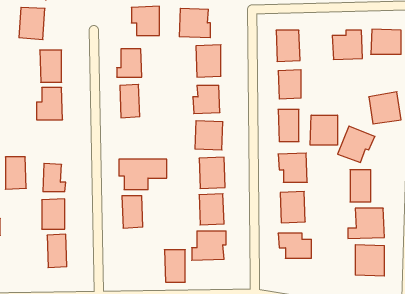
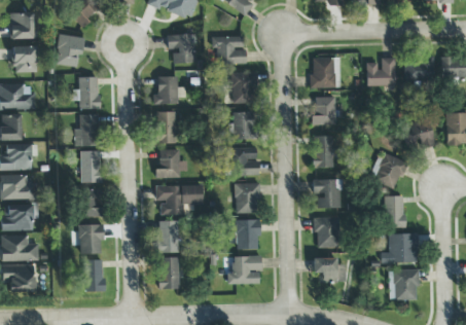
building: [310,115,337,145] -> none
building: none -> [156,149,187,178]
building: [5,157,26,189] -> [80,151,101,183]
building: [164,250,185,282] -> [158,257,179,289]

